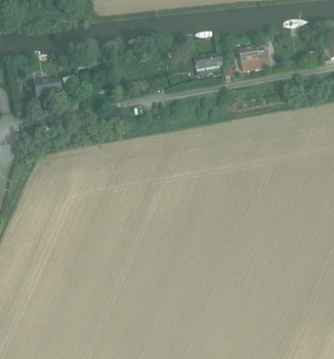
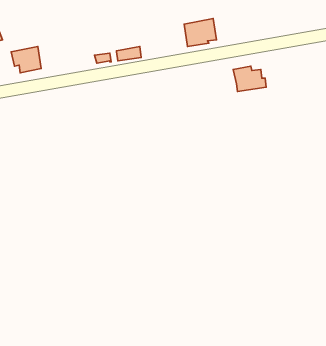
building: [238,46,268,70] -> [233,66,266,92]

